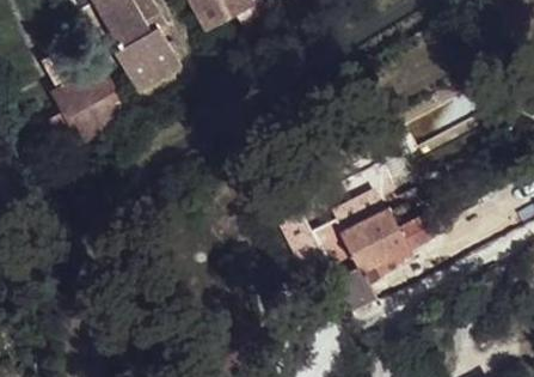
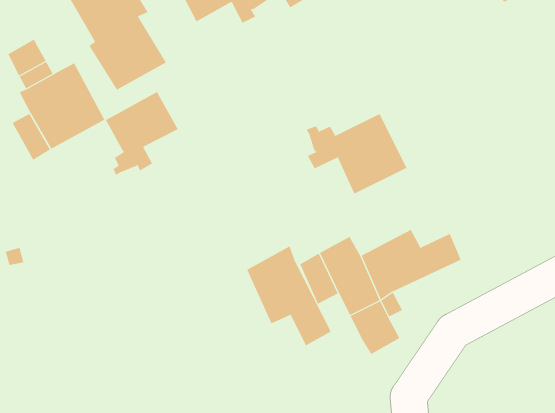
building: none -> [105,91,178,176]
building: none -> [306,113,407,195]
building: none -> [246,246,332,346]

